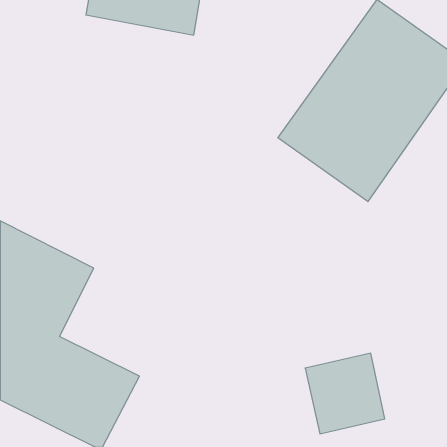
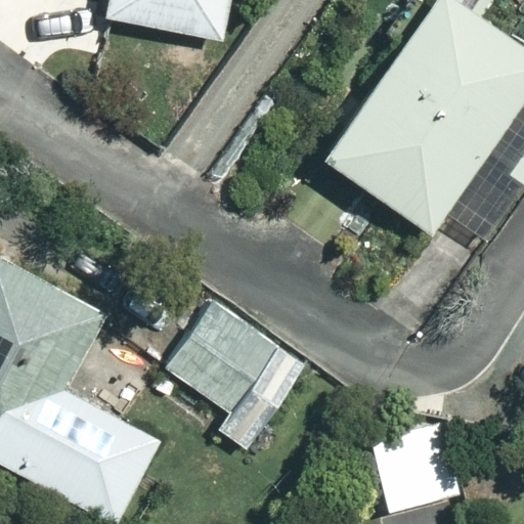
building: none -> [142,294,295,440]

